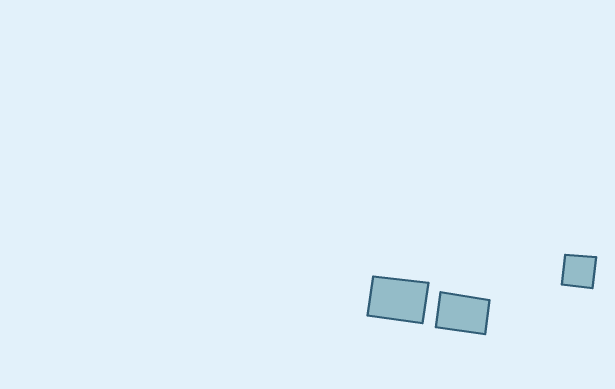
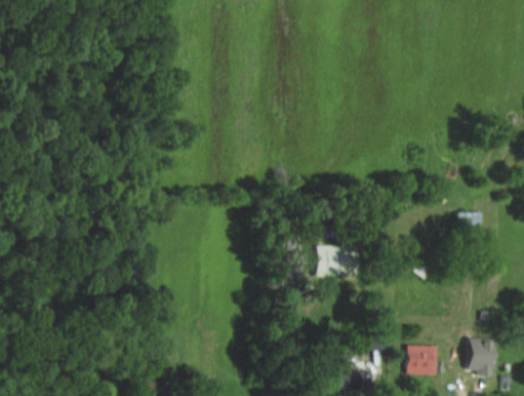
building: [436,292,490,334] -> none

